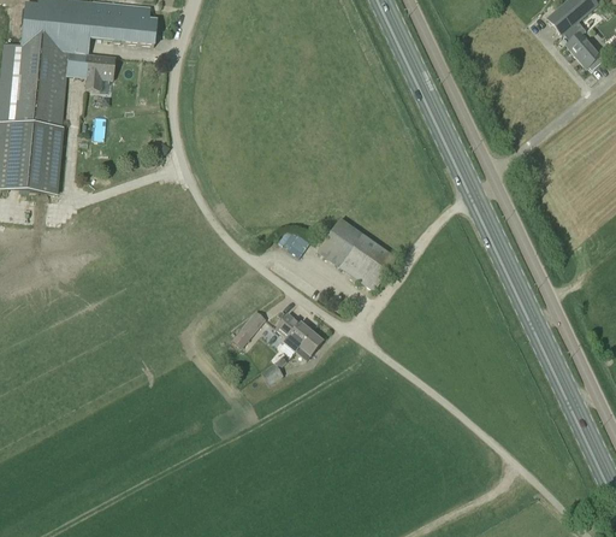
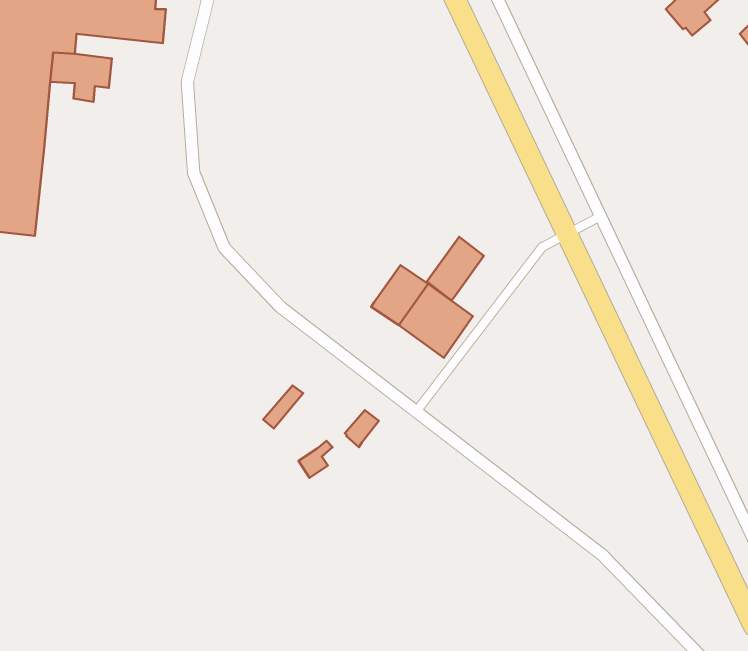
building: [565,26,600,67] -> none
building: none -> [427,237,484,301]
building: [277,315,313,352] -> none

